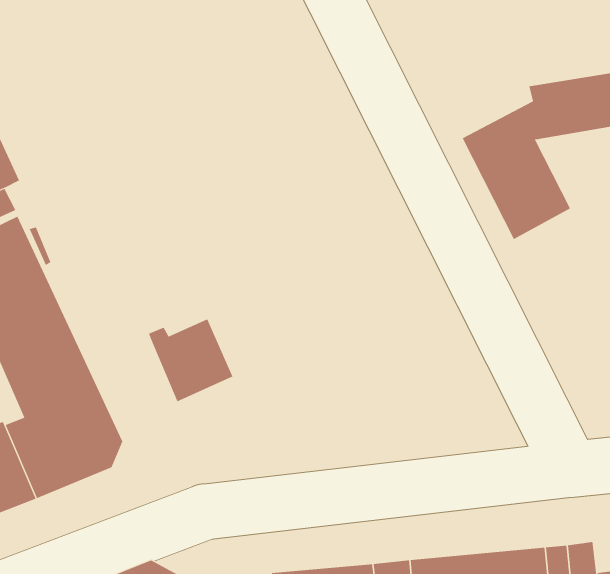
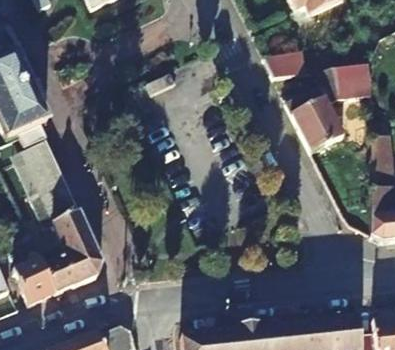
building: none -> [264,54,306,80]
building: [148,318,233,402] -> none

